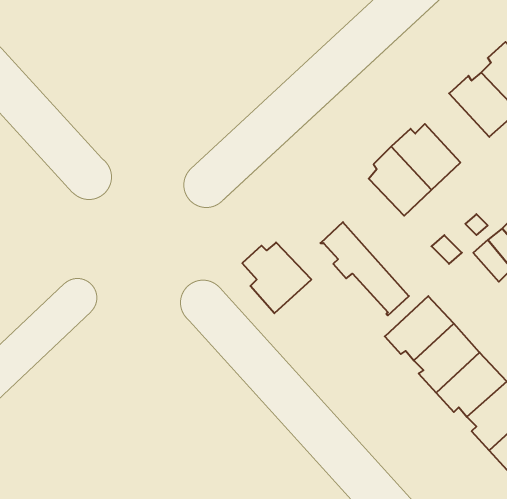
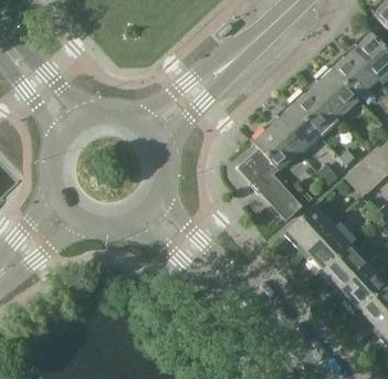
building: none -> [313,66,357,114]
building: [242,242,311,313] -> [251,125,298,173]

